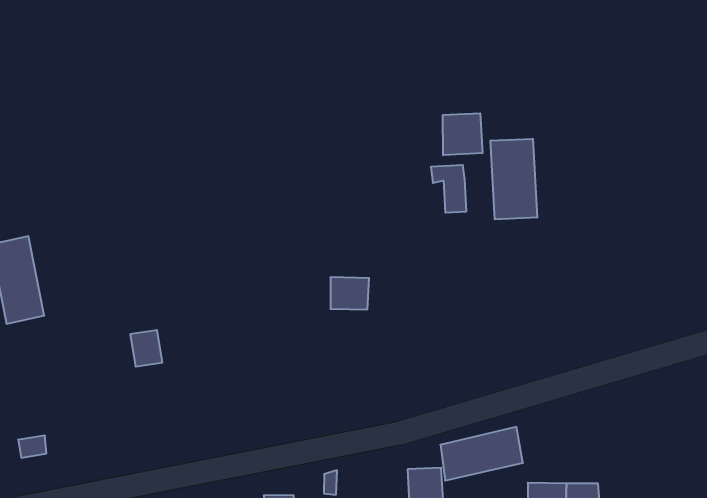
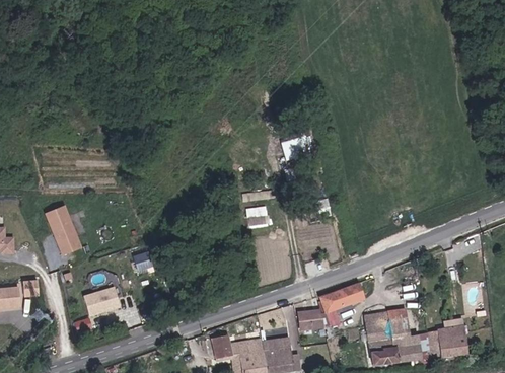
building: [443,113,482,155] -> none
building: [490,139,537,219] -> none
building: none -> [82,285,121,315]

